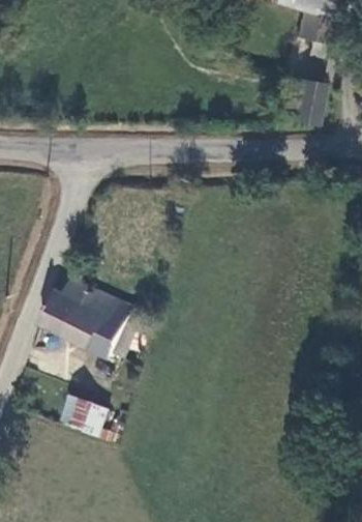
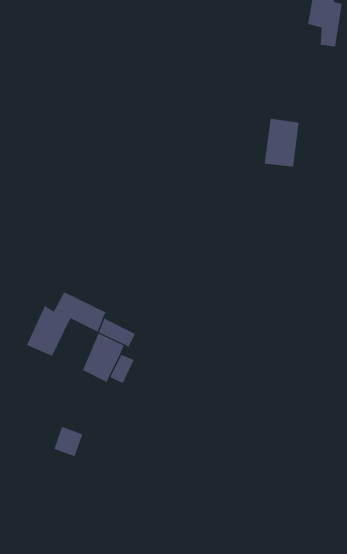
building: [293,76,325,120] -> [264,118,299,167]
building: [69,301,111,348] -> none

